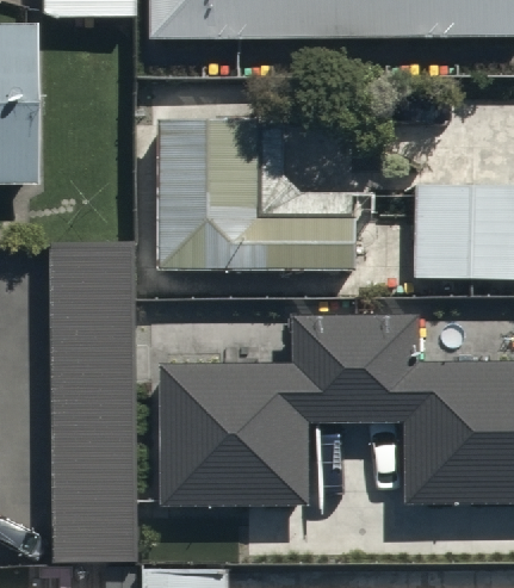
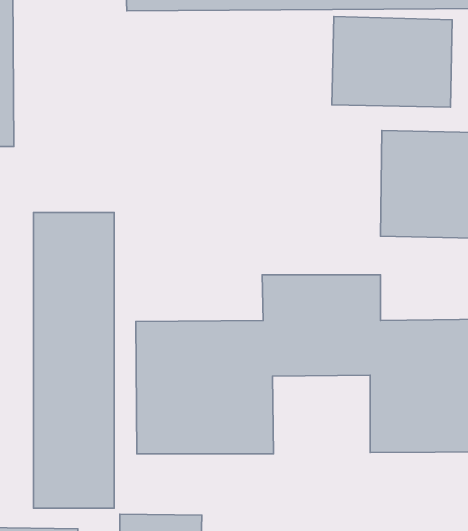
building: none -> [332,17,452,107]
building: [157,112,353,271] -> none

